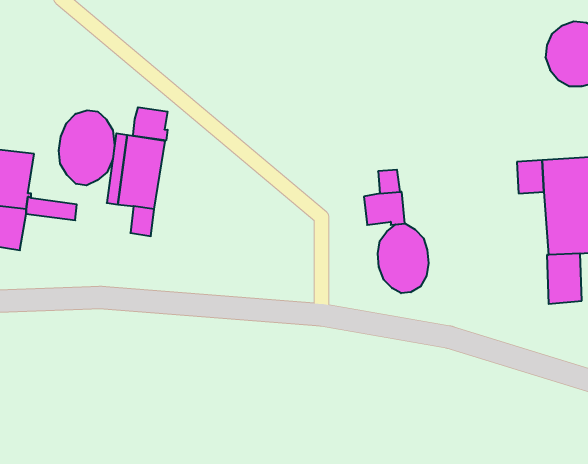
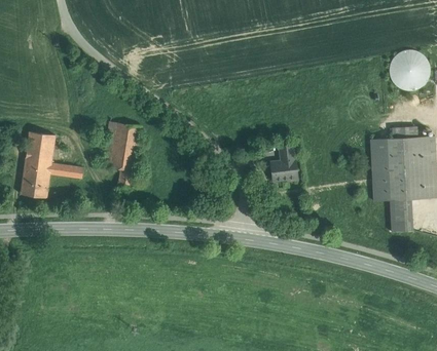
building: [133,107,168,140] -> none
building: [59,110,115,185] -> none
building: none -> [371,160,391,202]
building: [378,223,429,293] -> none

